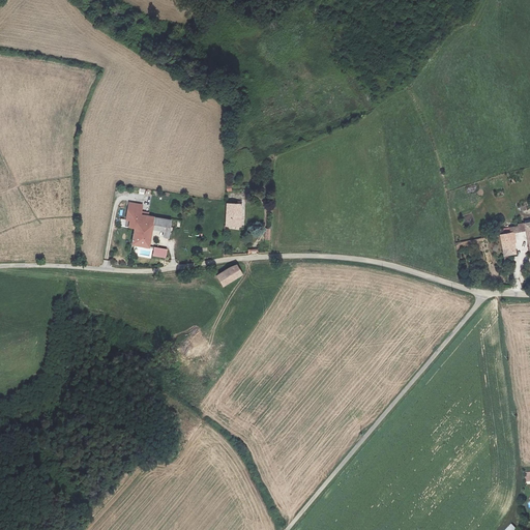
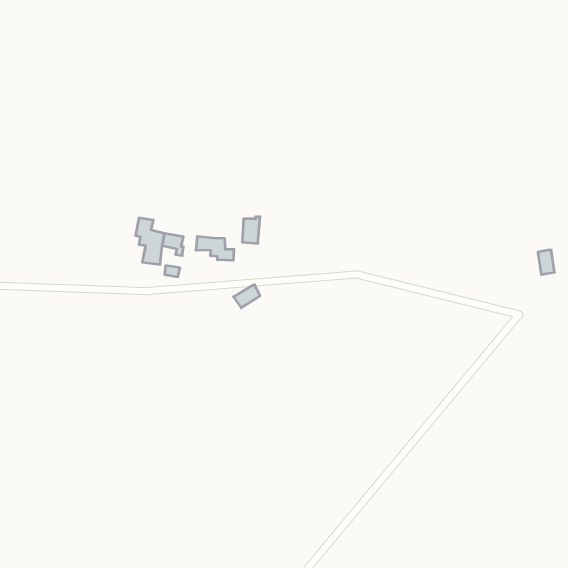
building: none -> [196,236,234,260]

